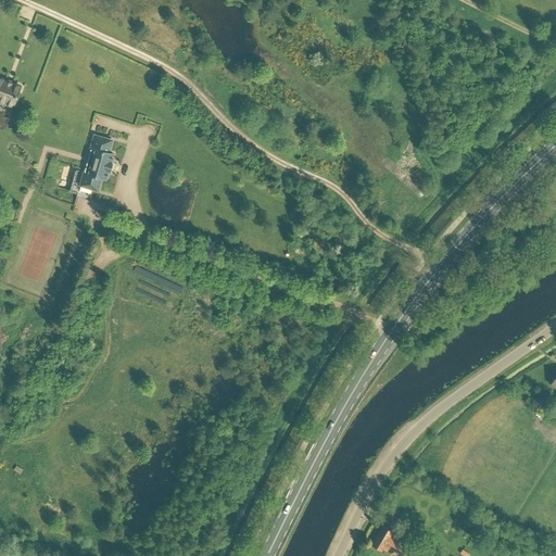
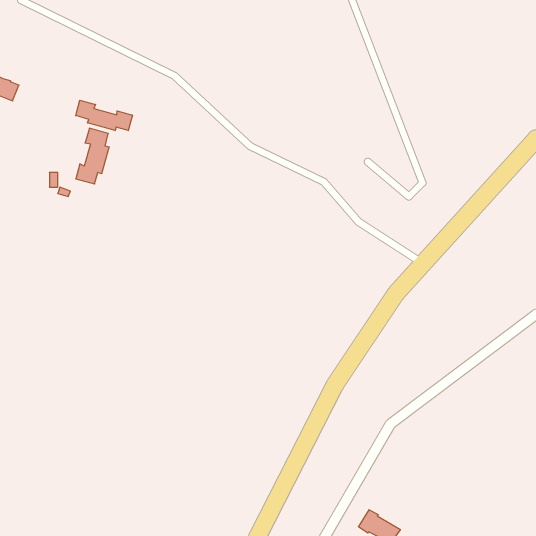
building: none -> [76,100,132,131]

